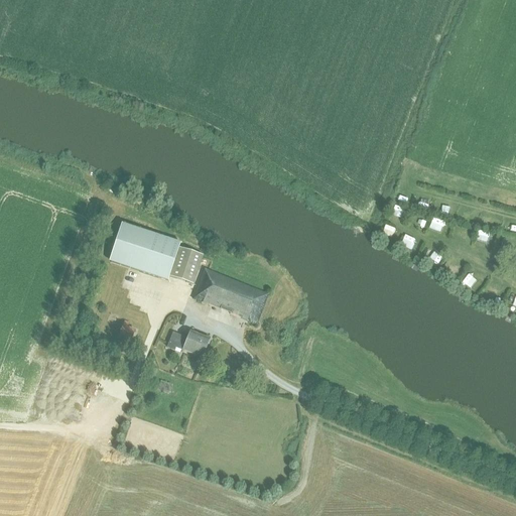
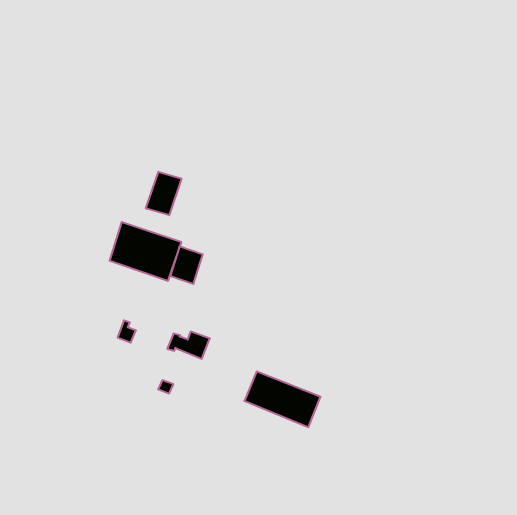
building: none -> [146,172,181,215]
building: [194,267,269,322] -> [244,372,321,427]

